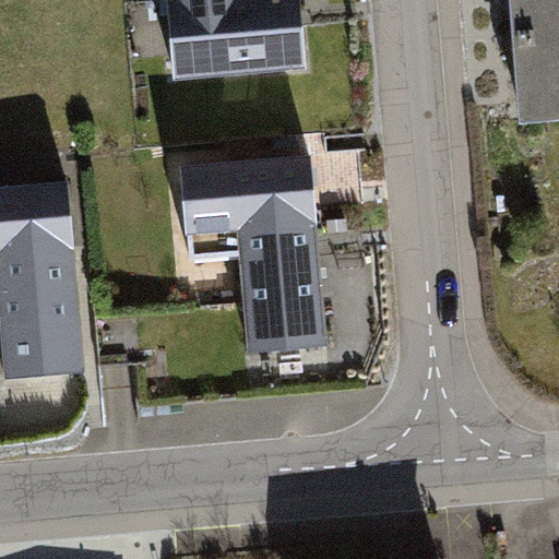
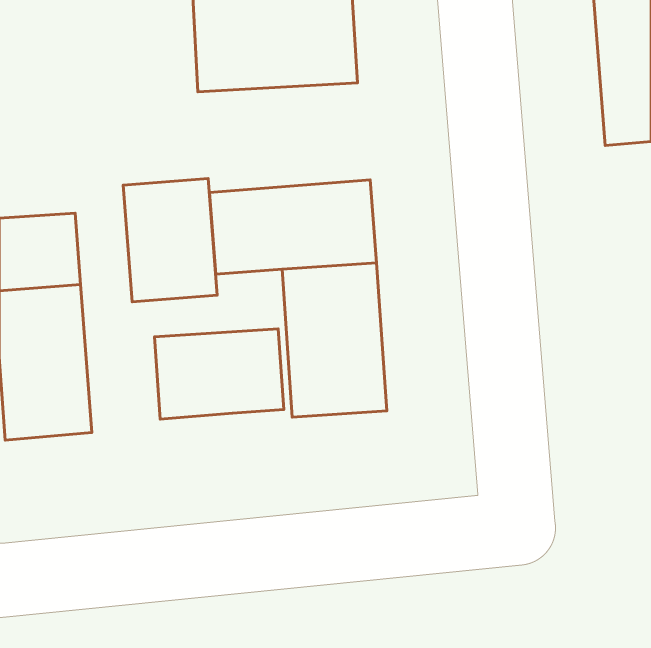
building: none -> [123,178,217,302]
building: none -> [154,329,284,419]

